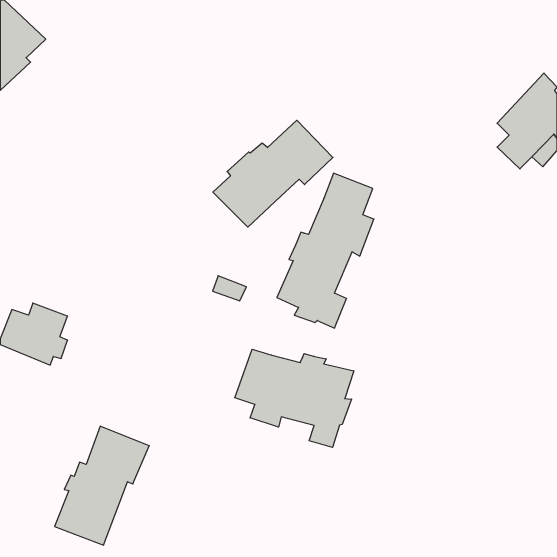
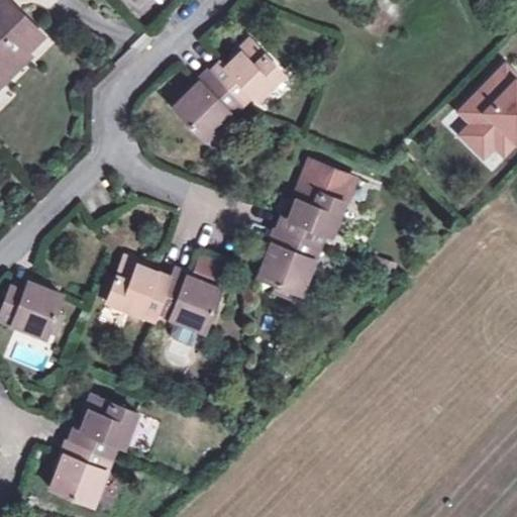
building: [213,120,333,227] -> [175,40,286,139]
building: none -> [106,253,222,345]
building: [235,349,354,447] -> none

